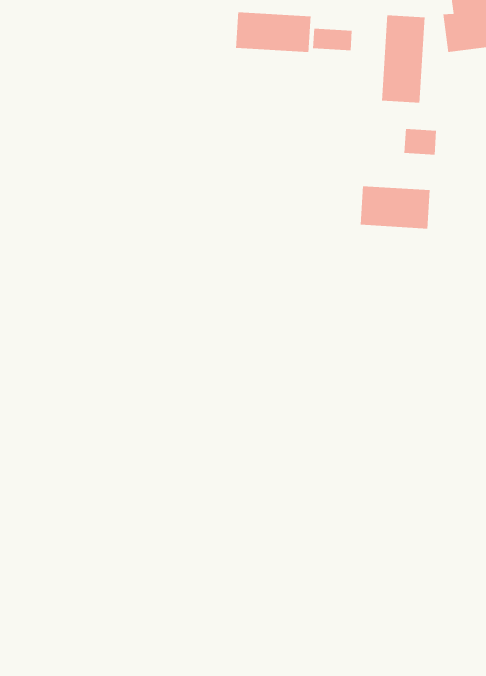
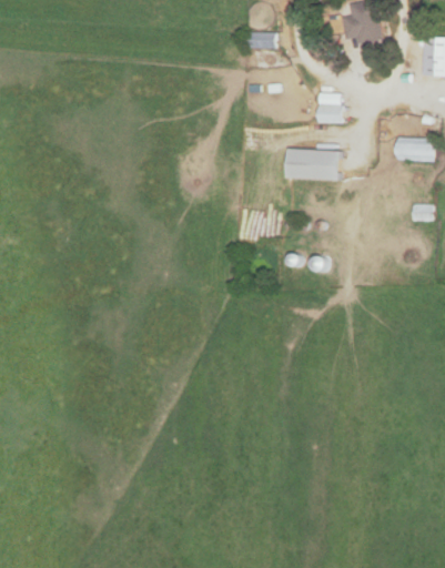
building: [236,11,311,53] -> none
building: [381,14,425,104] -> none

